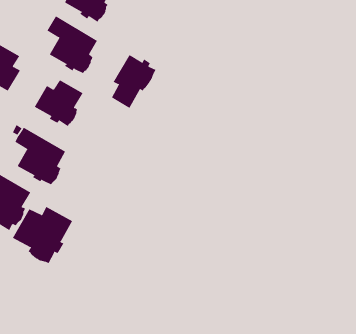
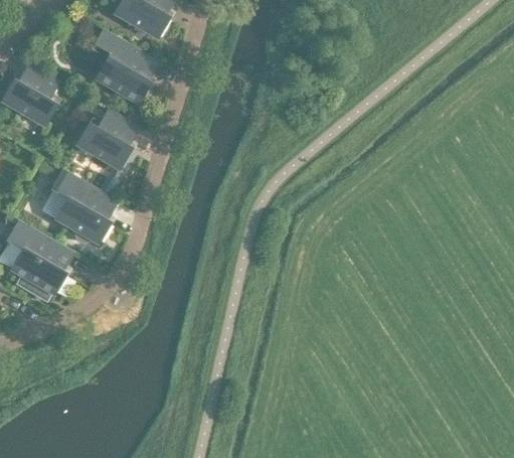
building: [111,54,156,109] -> none
building: [12,206,73,264] -> none

